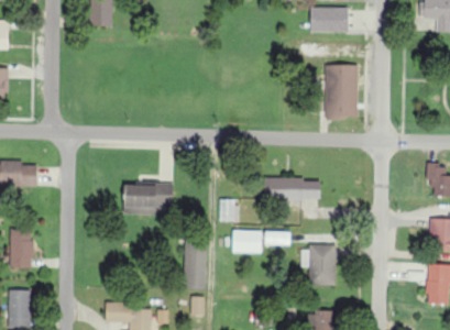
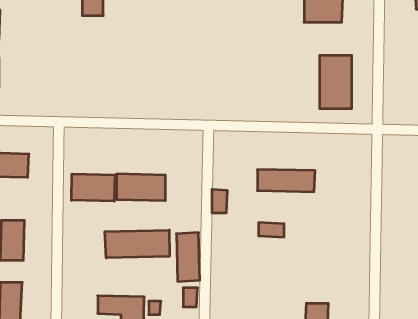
building: none -> [71,174,115,201]
building: [232,230,262,253] -> none
building: none -> [105,230,169,258]
building: [300,246,336,285] -> none

